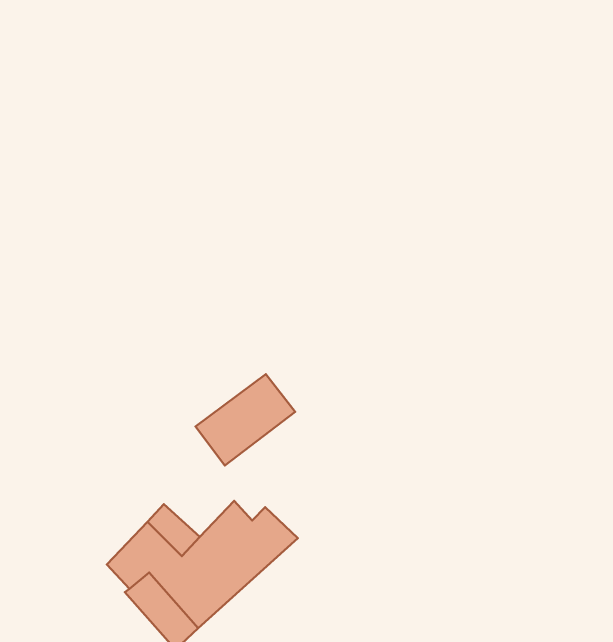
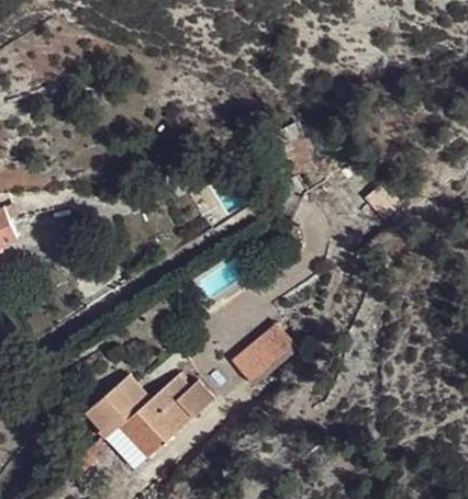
building: [196,374,295,466] -> [226,315,293,376]

